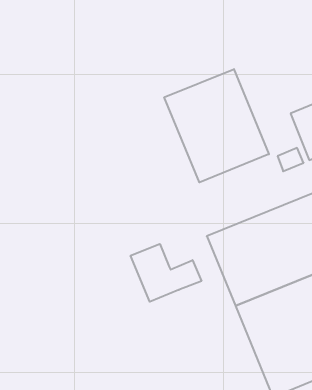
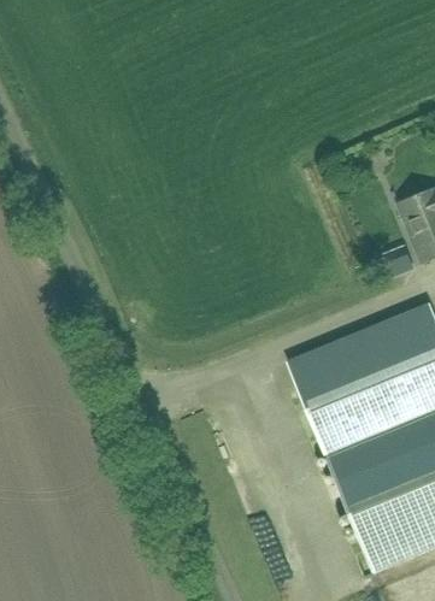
building: [164,69,269,182] -> none
building: [131,244,201,302] -> none

